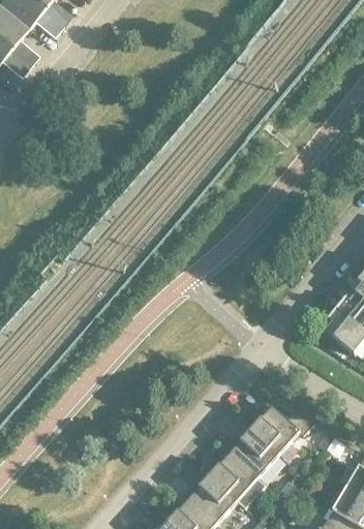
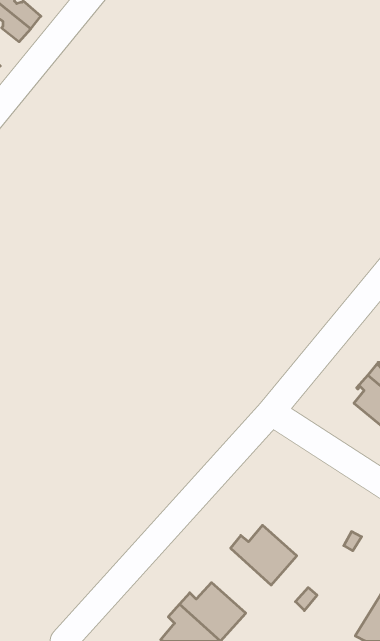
building: [250,401,313,454] -> none
building: [209,447,265,506] -> none

